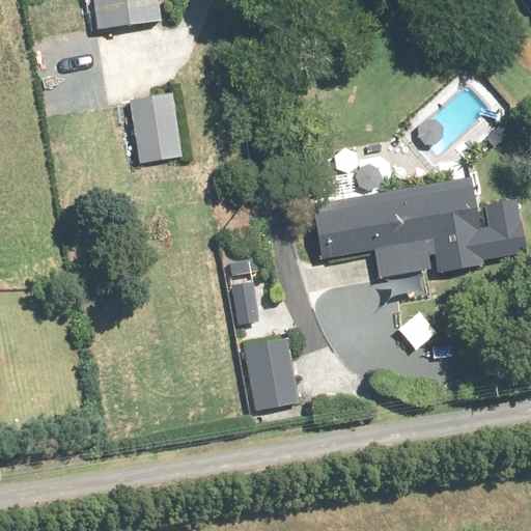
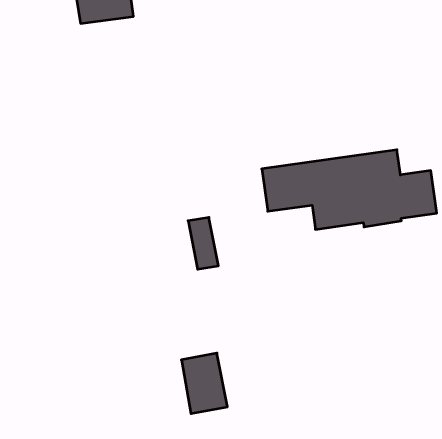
building: [130,93,181,162] -> none
building: [244,337,299,410] -> [181,353,227,414]

